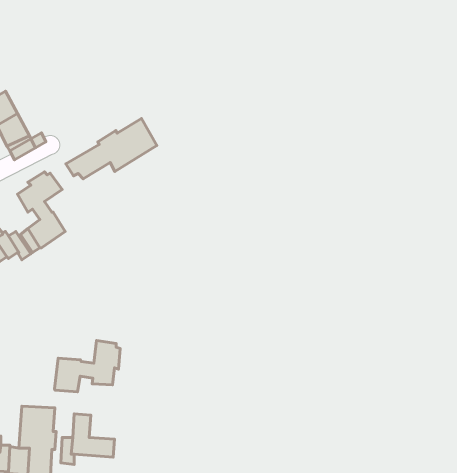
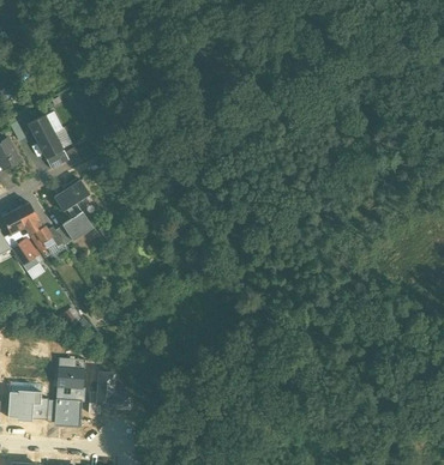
building: [66,118,157,179] -> none
building: [54,341,120,392] -> none

